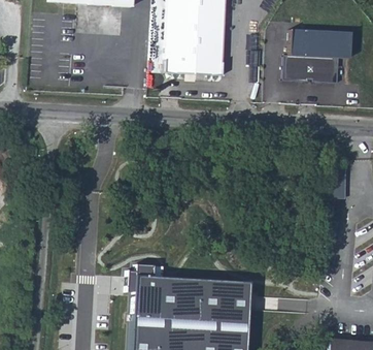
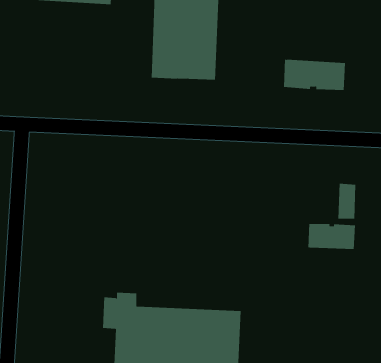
building: [287,32,345,58] -> none
building: none -> [308,223,355,250]

